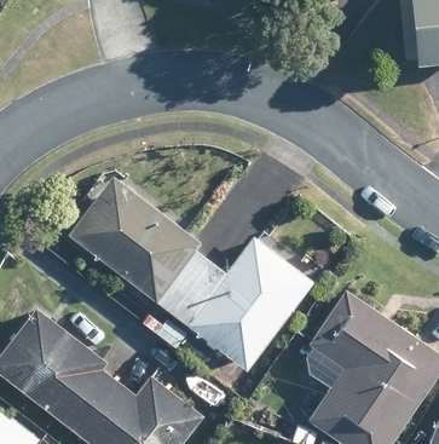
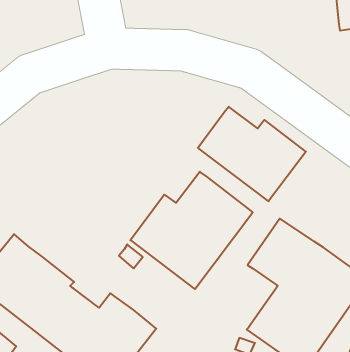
building: none -> [198,107,306,201]
building: [68,175,210,313] -> none

